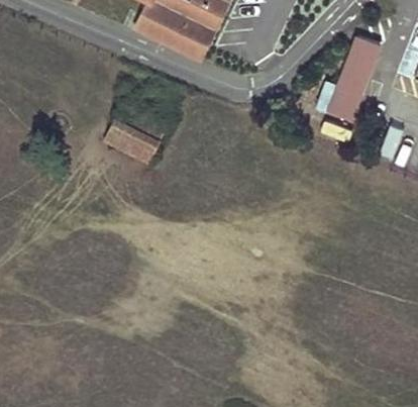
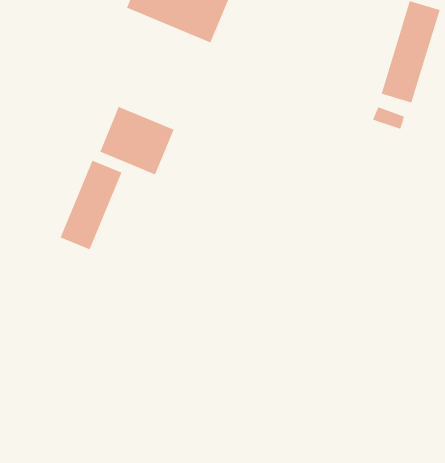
building: none -> [60,160,122,250]

